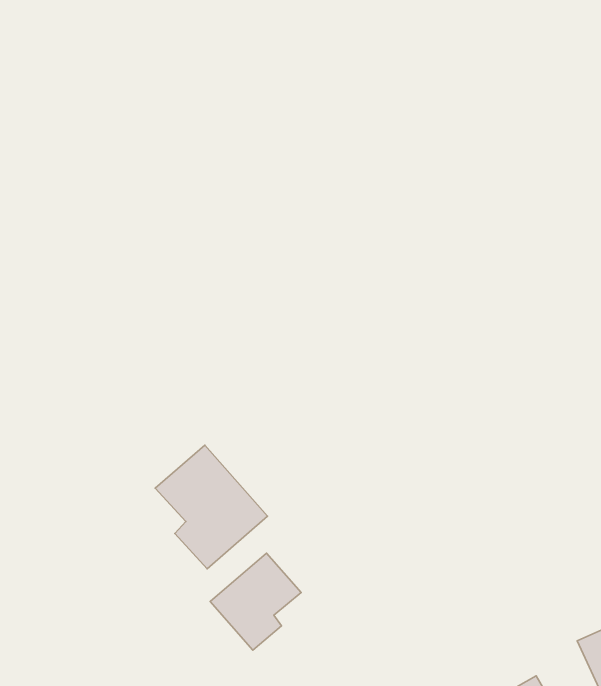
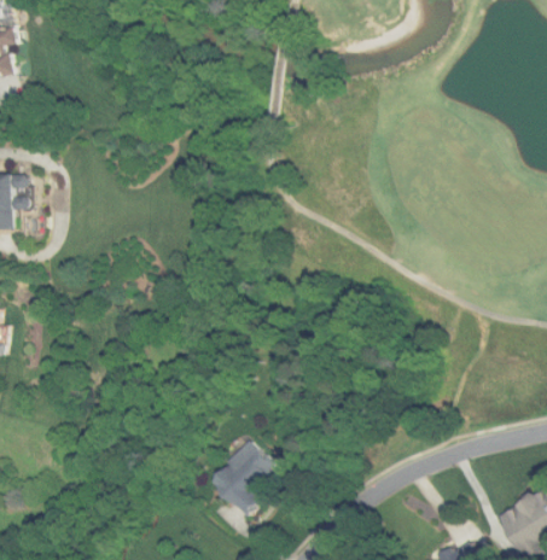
building: [155,445,268,569] -> none

